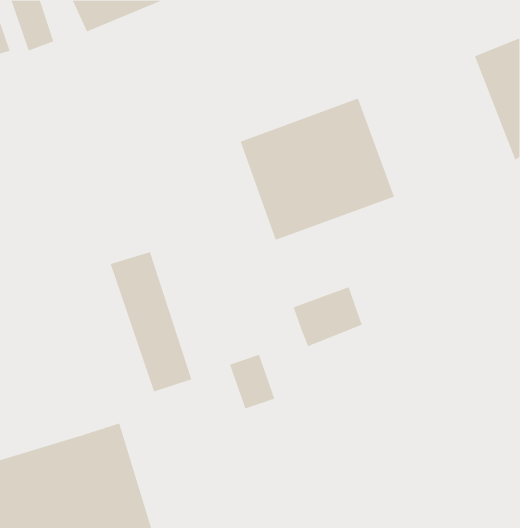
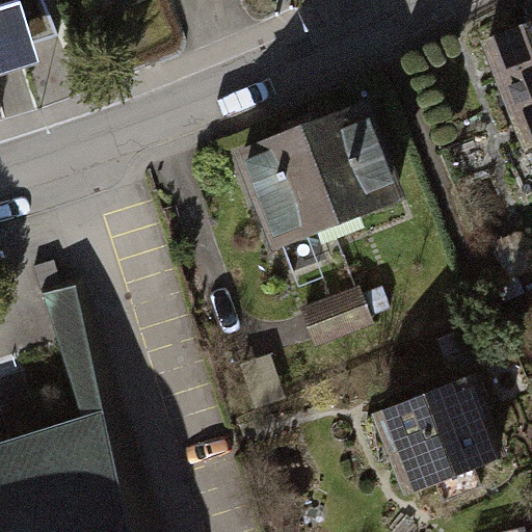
building: [110,251,192,392] -> [37,298,119,438]
building: none -> [374,378,499,495]

